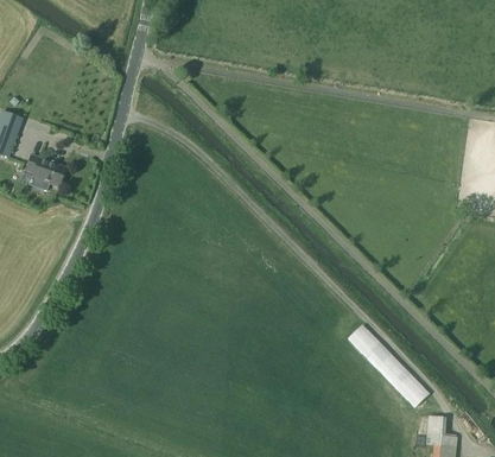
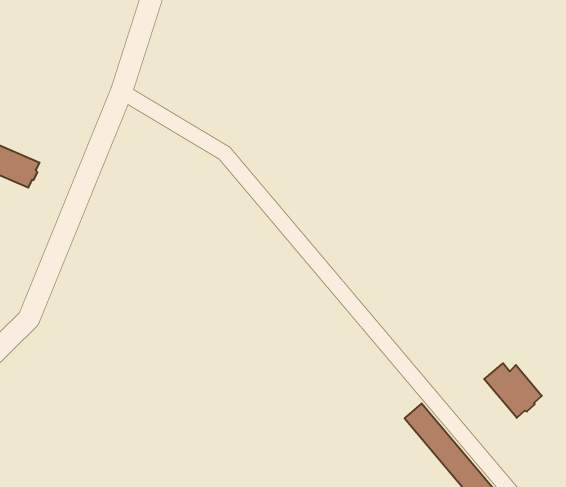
building: none -> [484,363,542,418]

